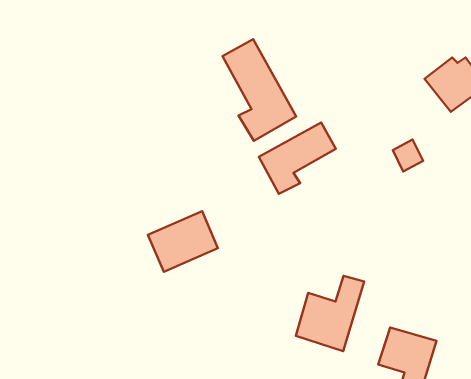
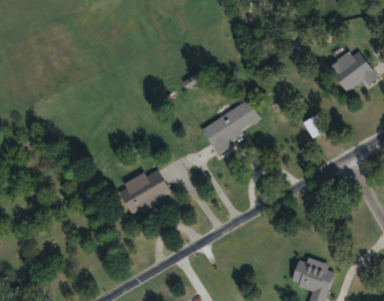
building: [223,39,296,141] -> none
building: [296,276,364,351] -> none

